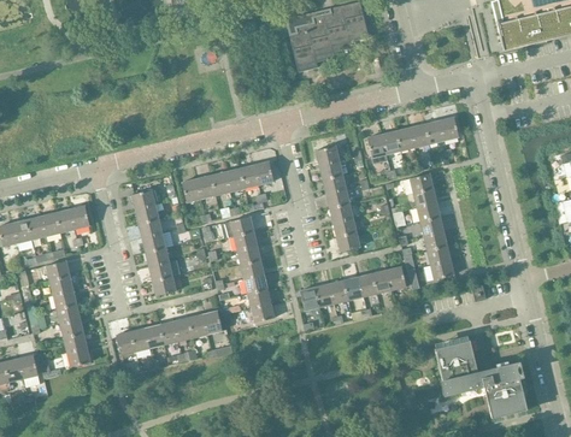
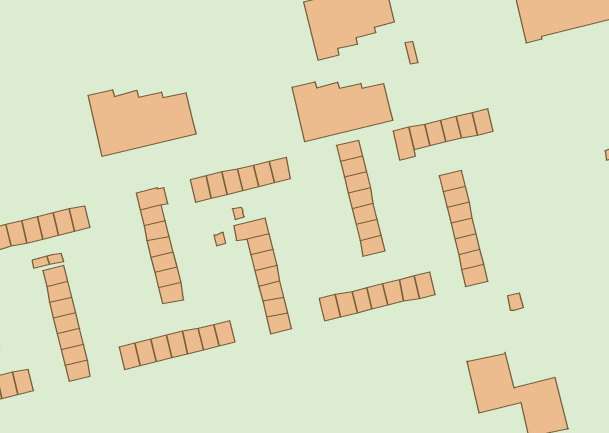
building: none -> [292,82,393,142]
building: none -> [88,90,196,156]

